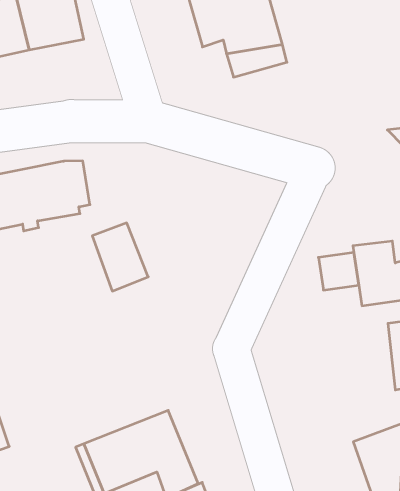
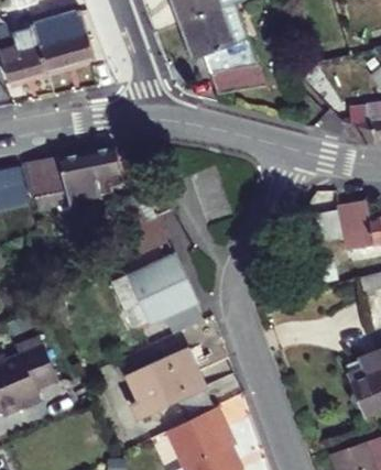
building: none -> [117,255,203,337]

